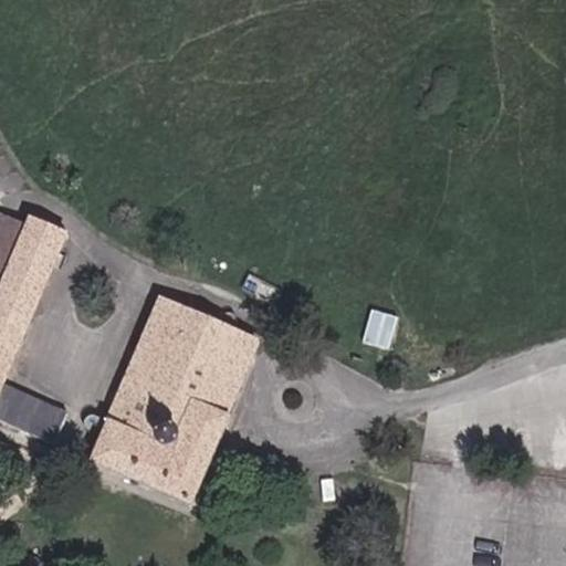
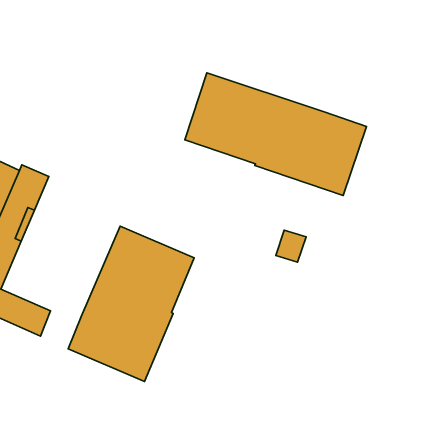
building: none -> [185,73,366,195]

